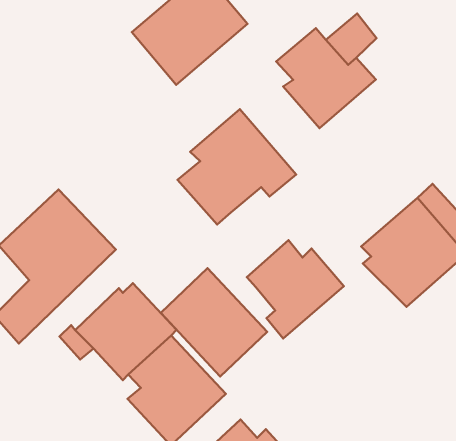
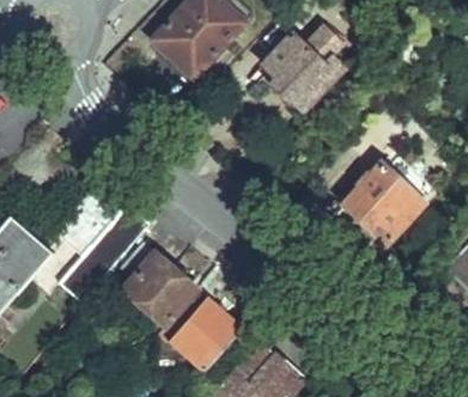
building: [177,109,296,225] -> none
building: [247,240,344,338] -> none
building: [161,268,267,376] -> none

